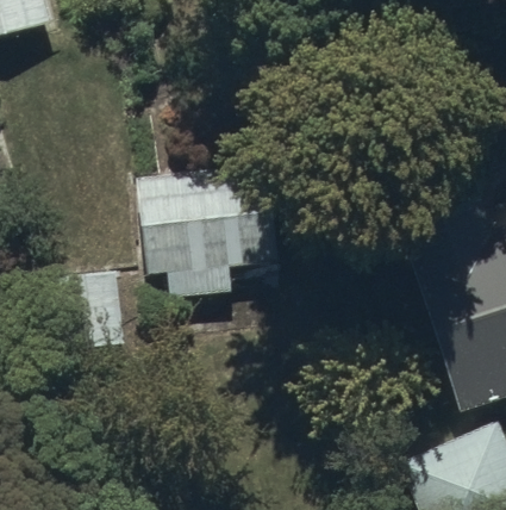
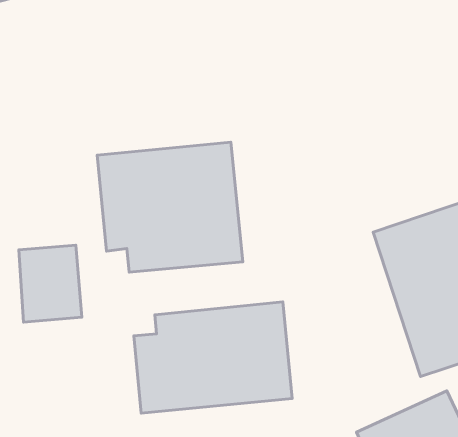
building: none -> [134,302,292,413]

